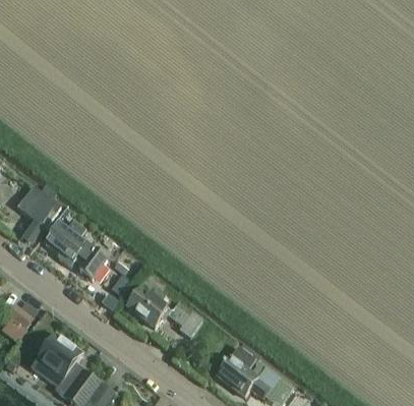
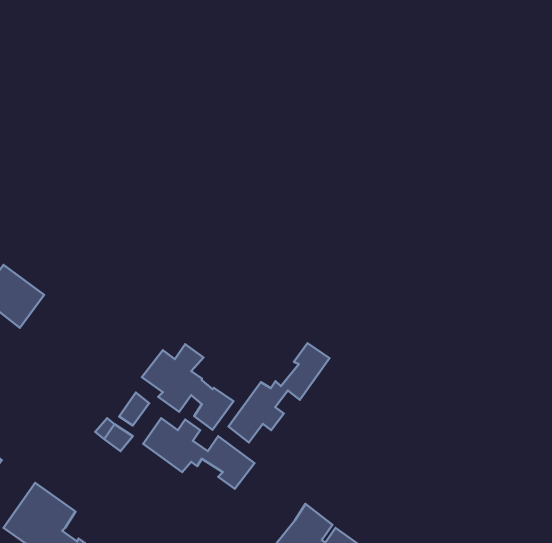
building: [44,221,106,279] -> [142,344,233,430]
building: none -> [228,343,330,442]

